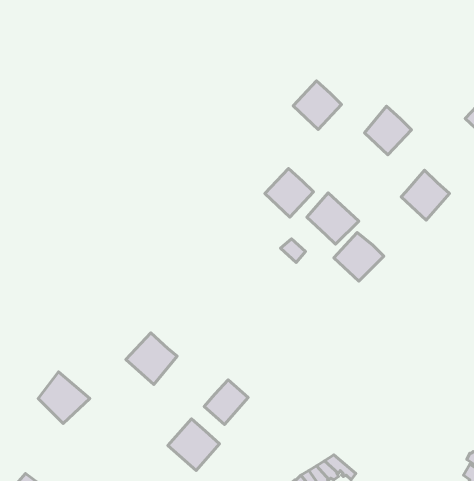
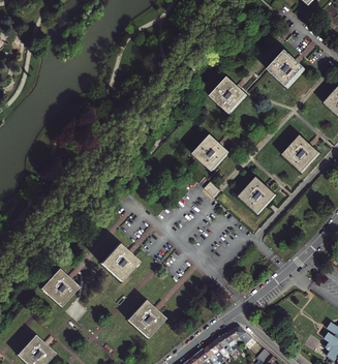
building: [364,106,411,155] -> [271,53,302,85]
building: [307,193,359,244] -> none
building: [204,380,248,424] -> none

